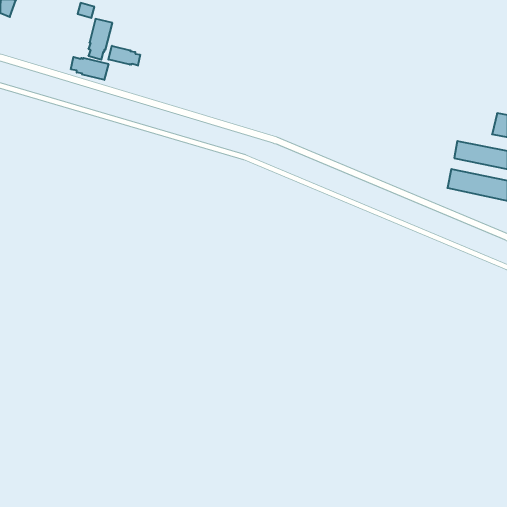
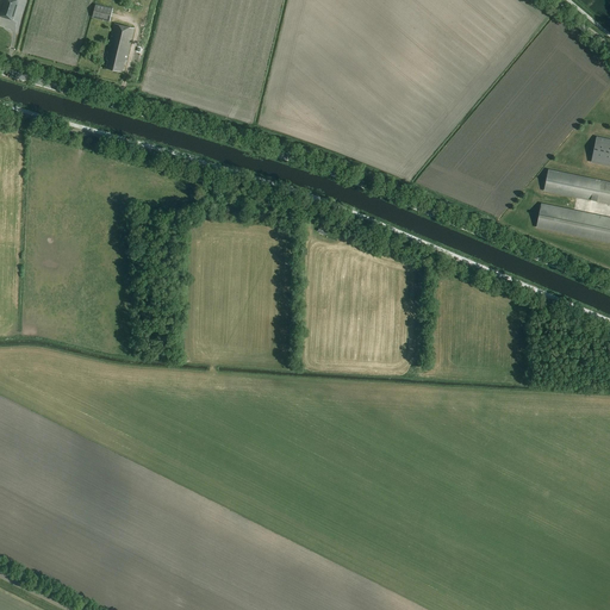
building: [108,46,140,66] -> none
building: [71,57,108,80] -> none

